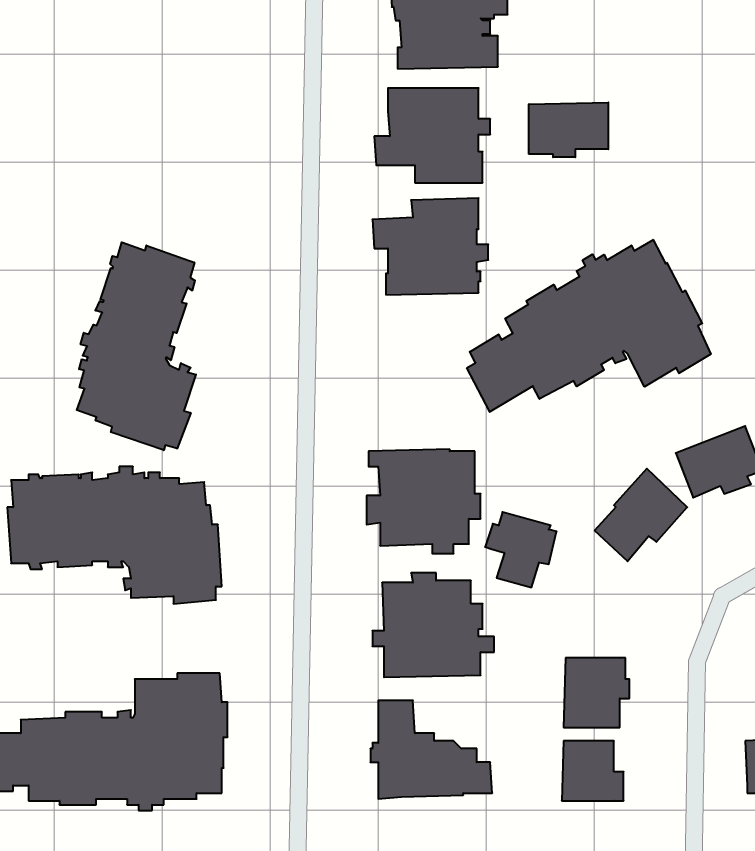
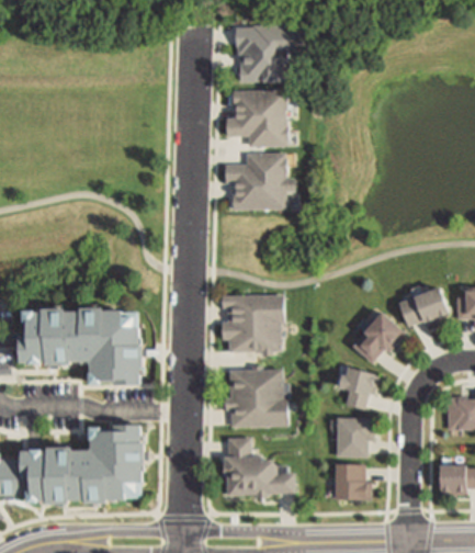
building: [529,102,608,157] -> none
building: [467,240,711,412] -> none
building: [77,242,196,450] -> none
building: [485,512,557,587] -> [337,365,377,408]

